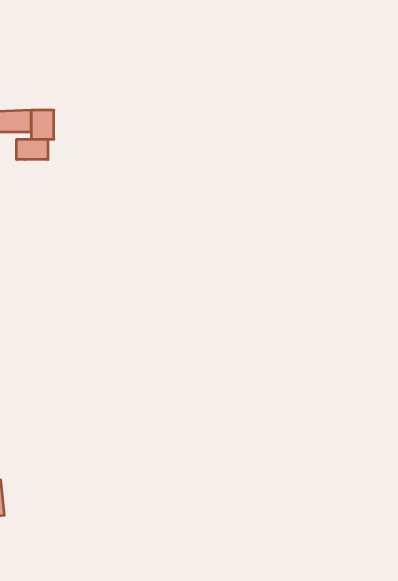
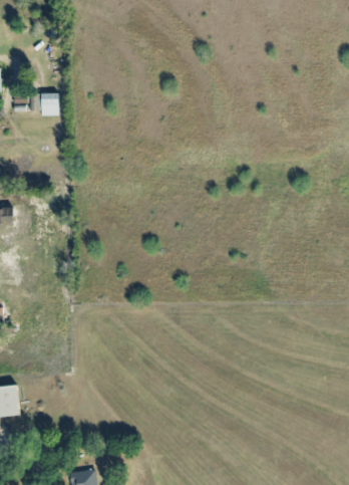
building: [17,139,48,160] -> none

